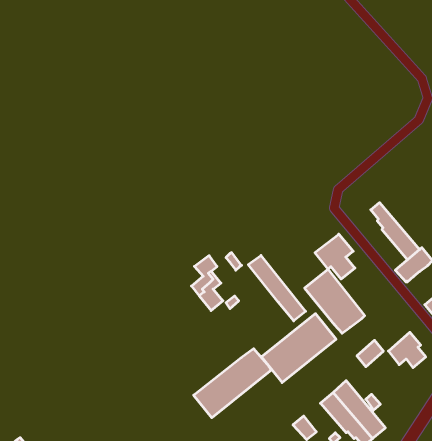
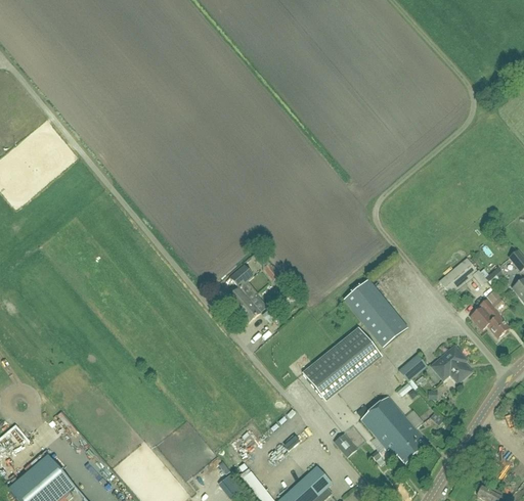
building: [371,203,420,260] -> none
building: [315,234,355,279] -> none
building: [248,255,306,321] -> none
building: [194,349,271,418] -> none

